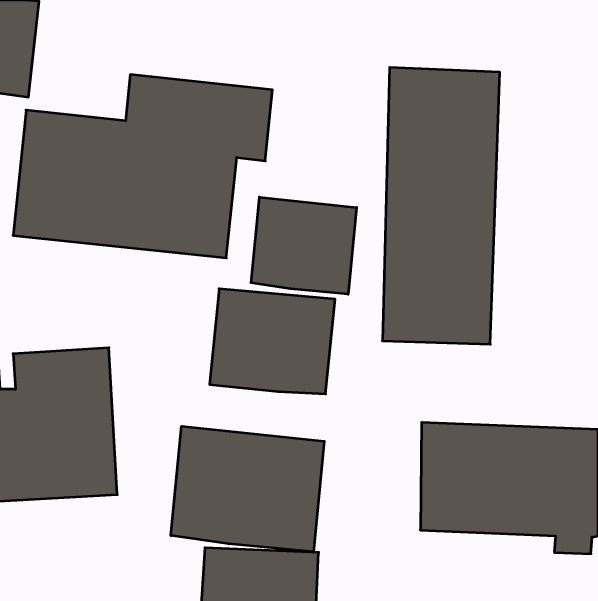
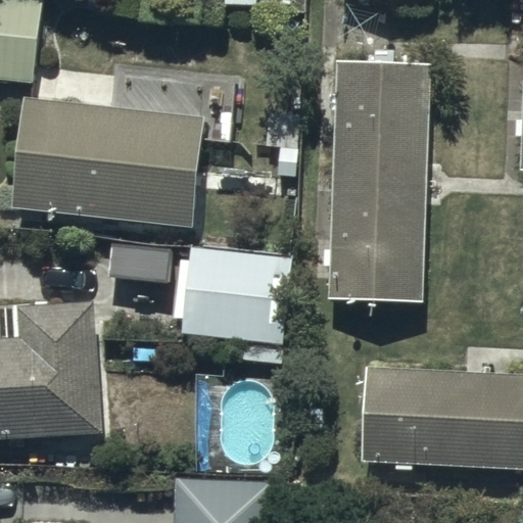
building: [251,197,357,294] -> none
building: [171,426,324,552] -> none

